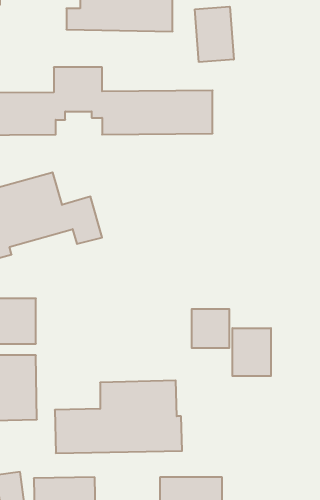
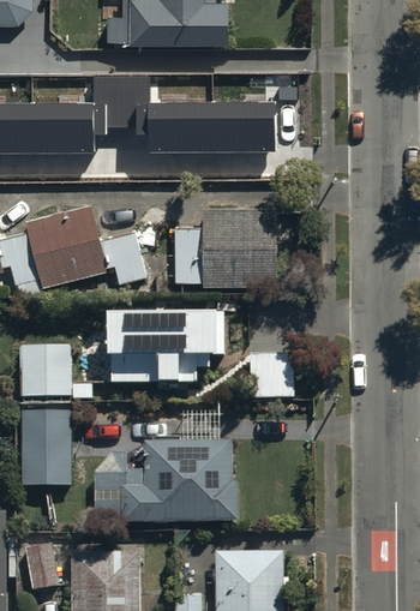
building: [195,7,234,62] -> none
building: none -> [175,205,276,284]
building: none -> [106,313,222,385]
building: [232,328,271,376] -> none

